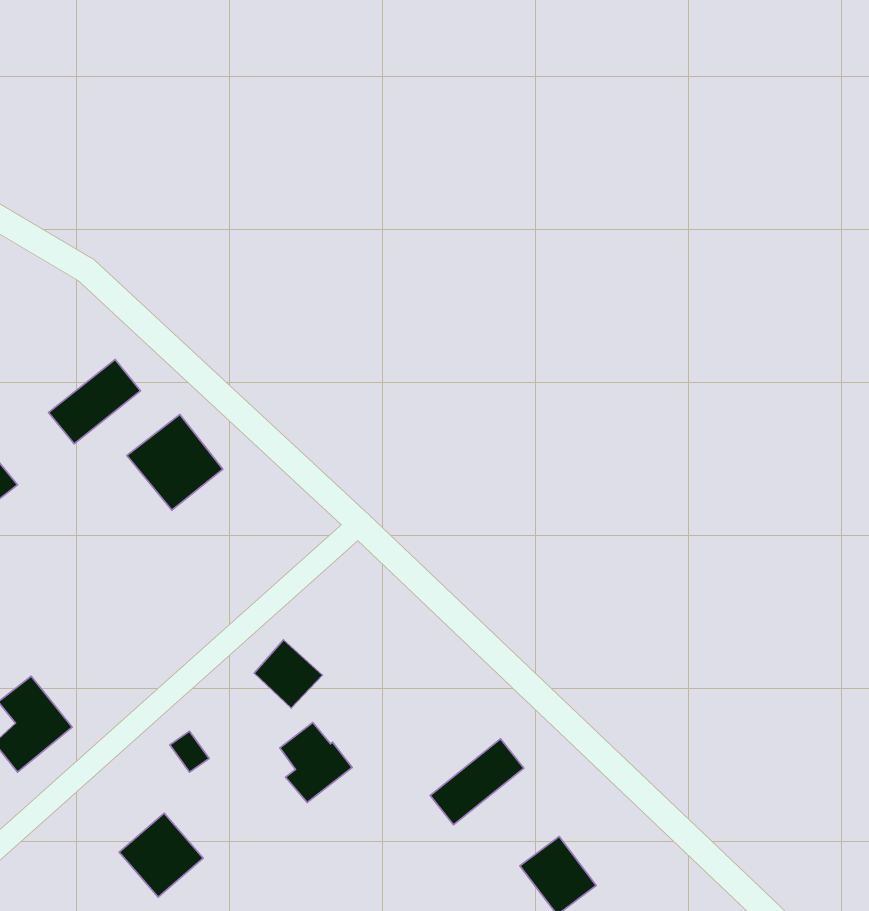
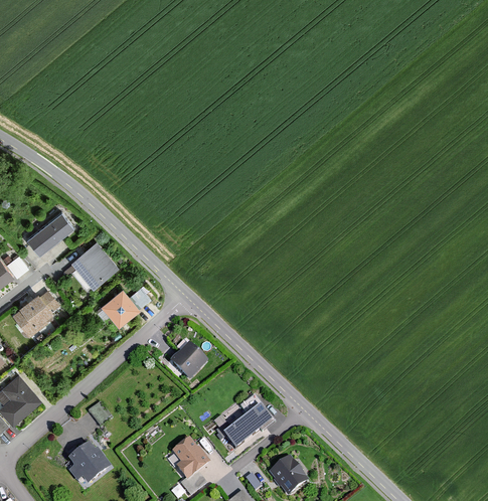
building: none -> [103,288,142,327]
building: none -> [13,289,60,334]
building: [254,640,323,708] -> [170,344,205,379]
building: [280,722,352,803] -> [174,440,211,481]

